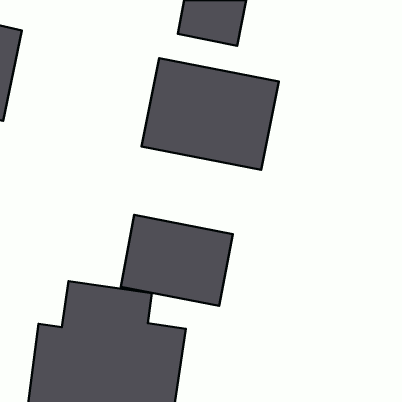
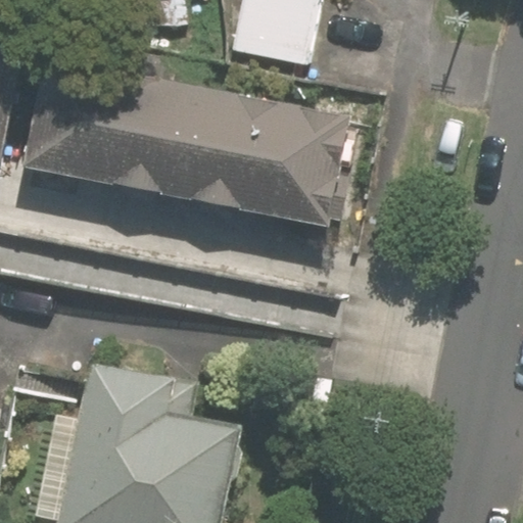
building: none -> [28,56,202,198]
building: [121,215,233,306] -> none

